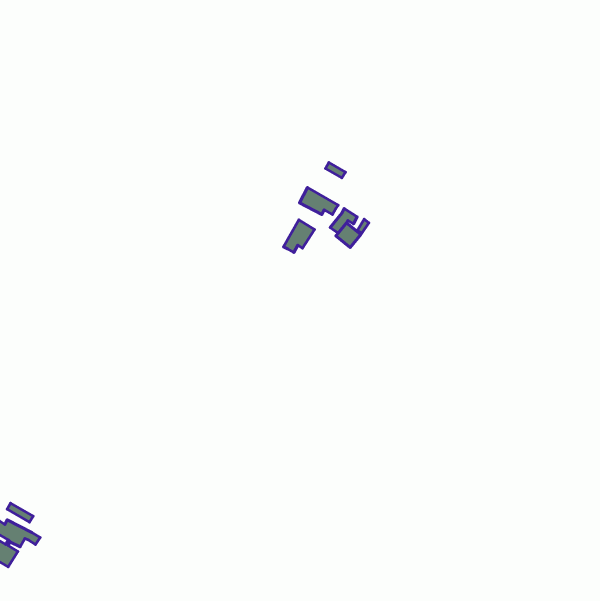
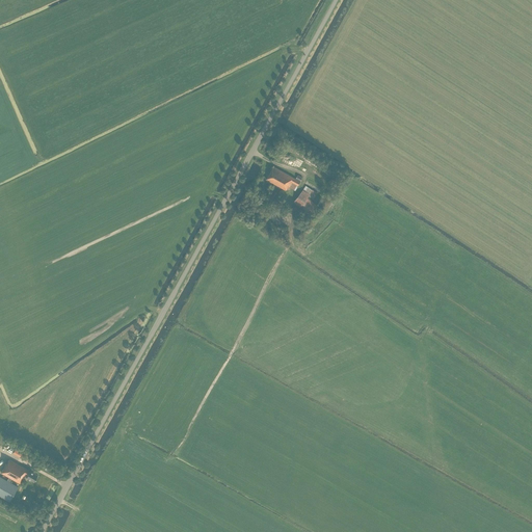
building: [283,220,315,252] -> none

